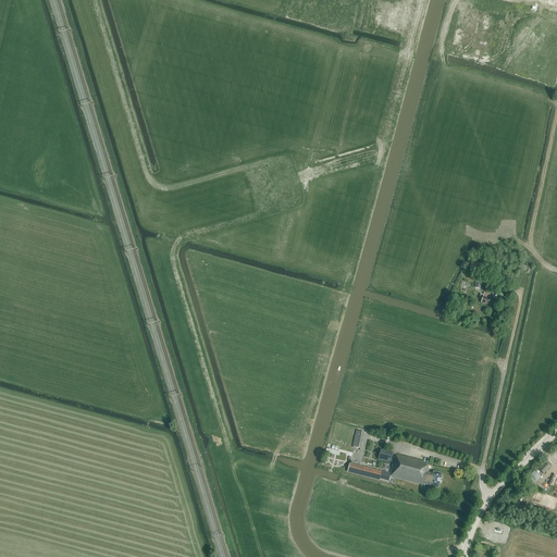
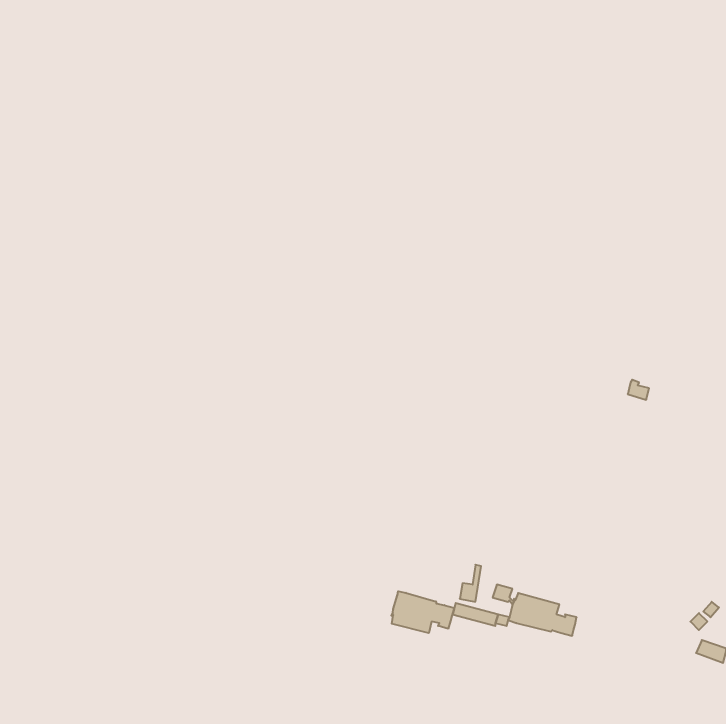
building: none -> [391,591,454,633]

